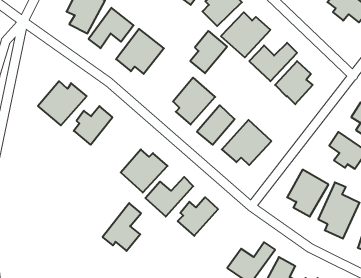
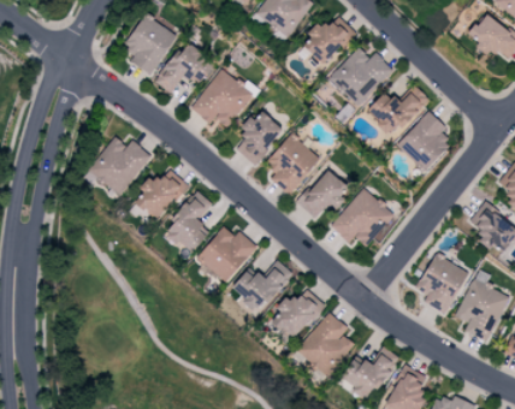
building: [190,31,227,73] -> [236,109,284,165]
building: [103,203,141,251] -> [161,190,212,253]
building: none -> [295,313,356,378]

